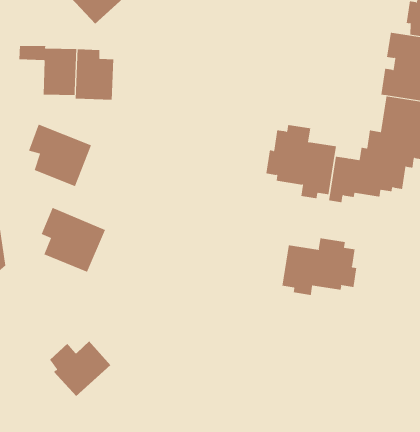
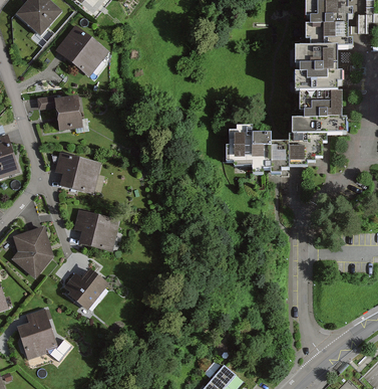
building: [75,49,114,100] -> none
building: [282,237,357,296] -> none
building: [49,341,111,397] -> [62,268,106,310]

